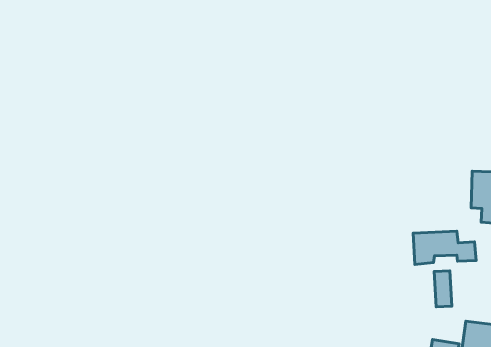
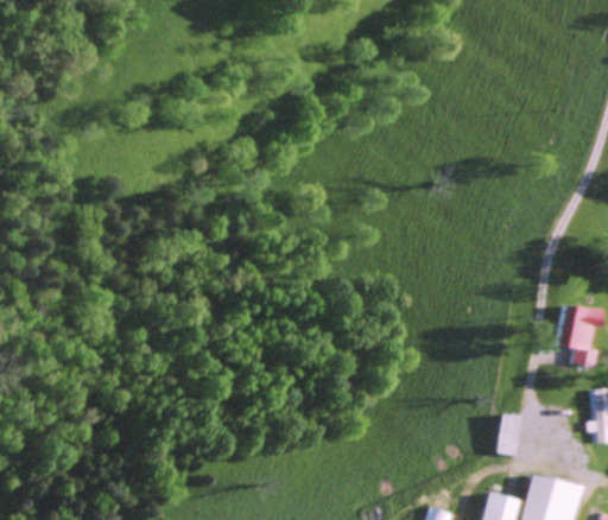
building: [413,231,476,264] -> none

